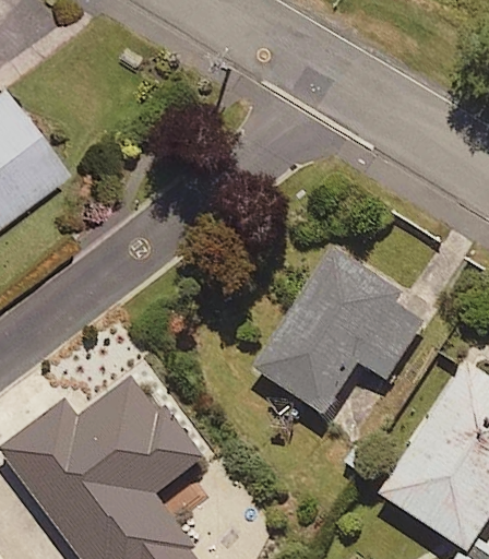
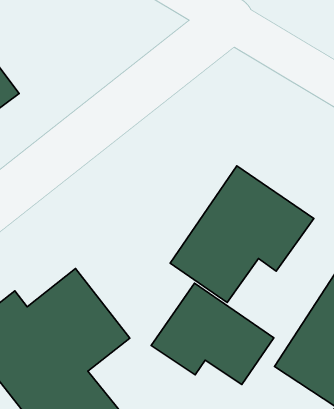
building: none -> [151,283,274,384]

